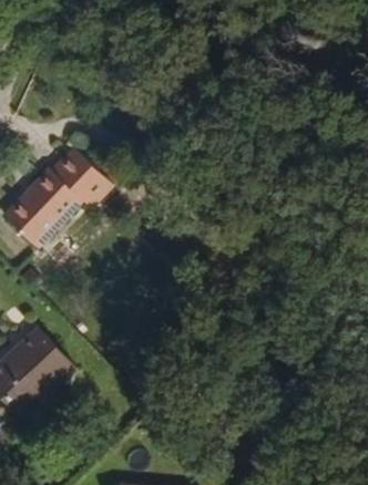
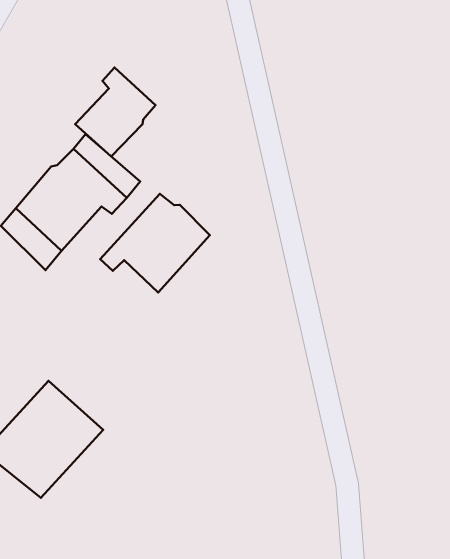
building: none -> [75,68,156,156]
building: none -> [100,194,210,292]

